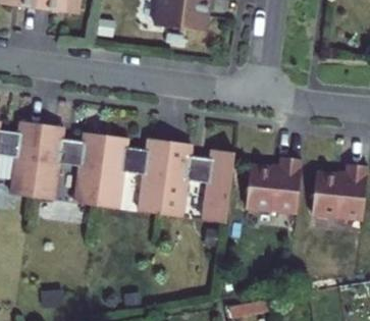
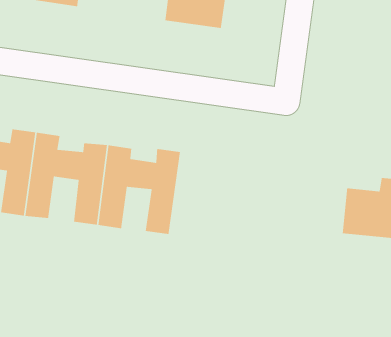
building: [159,141,234,223] -> none
building: [245,156,301,212] -> none

